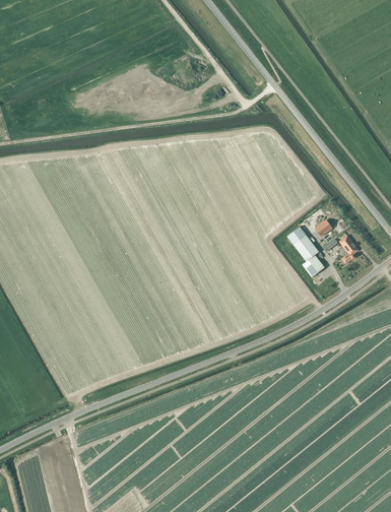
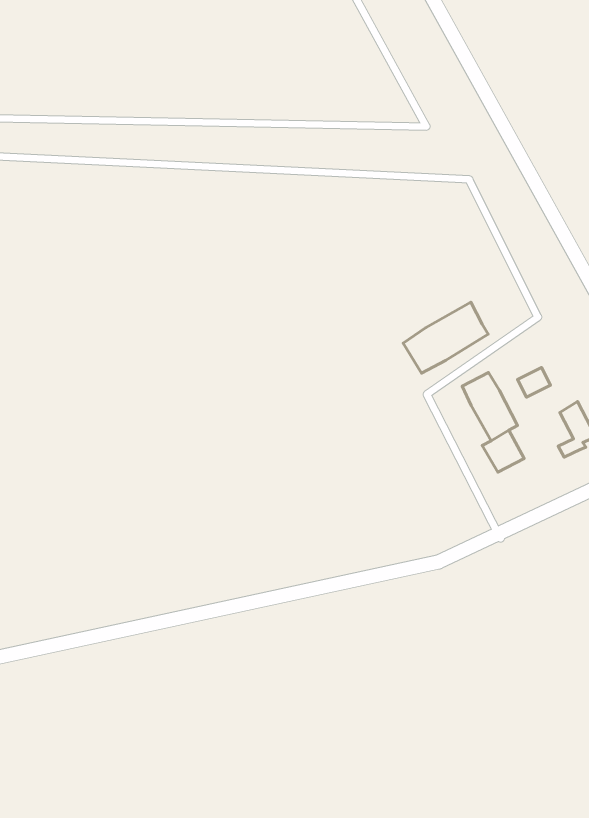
building: none -> [403,302,488,373]

